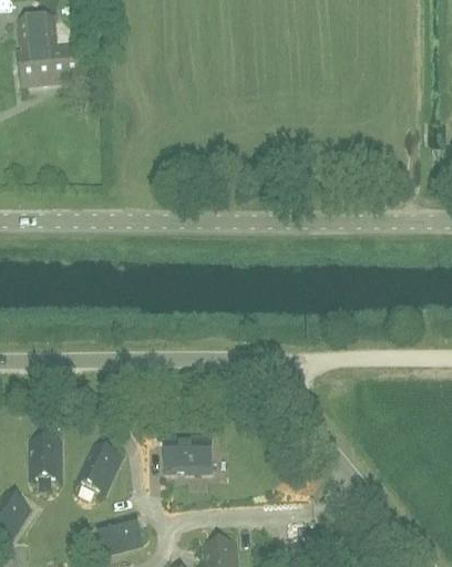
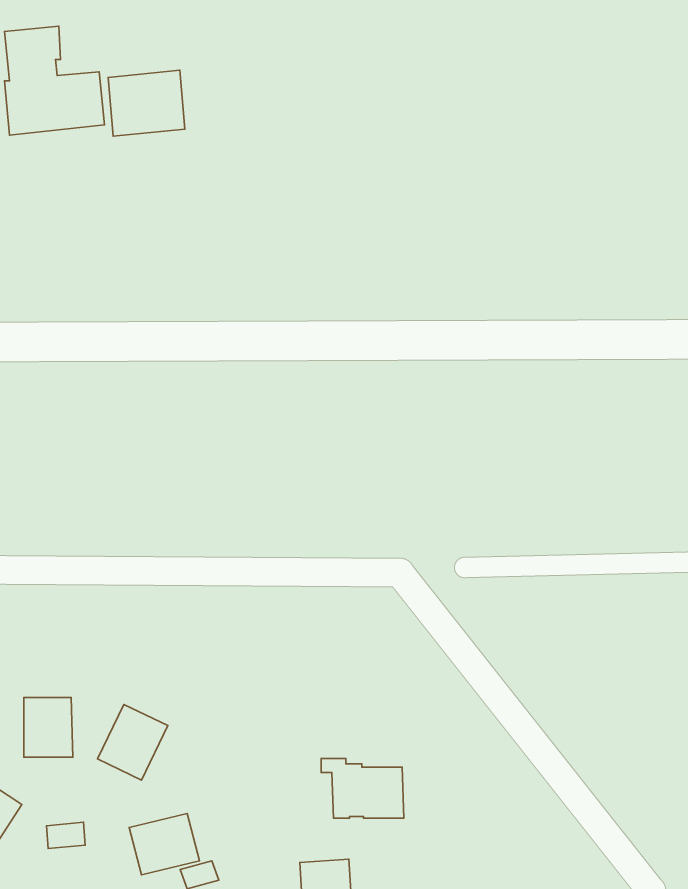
building: none -> [108,70,185,136]
building: [158,433,210,471] -> [321,758,404,818]

